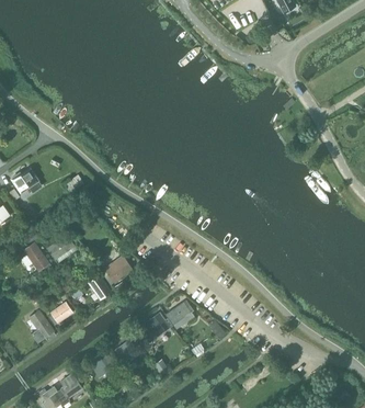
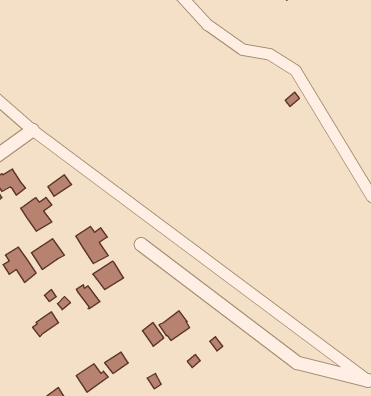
building: none -> [21,197,52,231]
building: none -> [76,226,108,264]
building: [30,309,56,342] -> none

